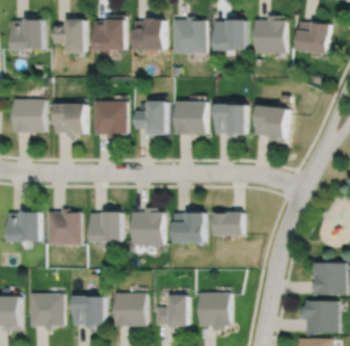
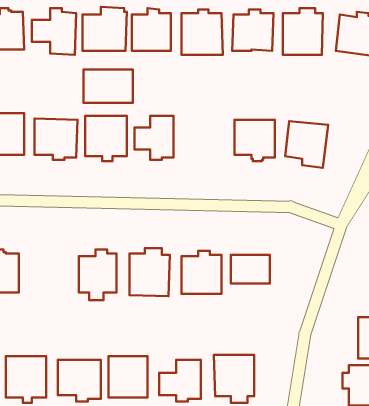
building: none -> [83,70,133,103]
building: [173,102,206,135] -> none
building: [48,209,81,246] -> none

